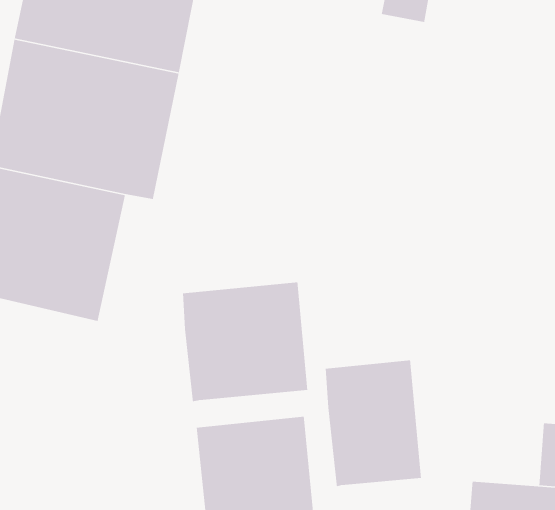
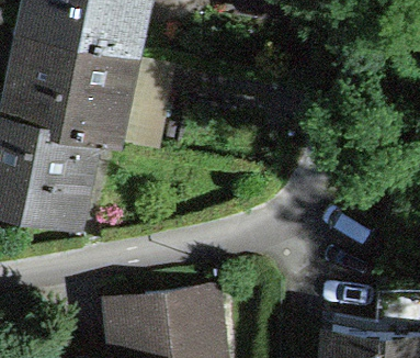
building: [182,282,308,402] -> none
building: [325,360,422,487] -> none

